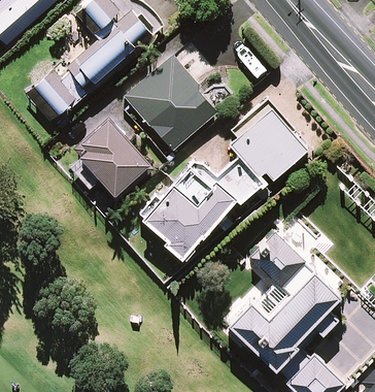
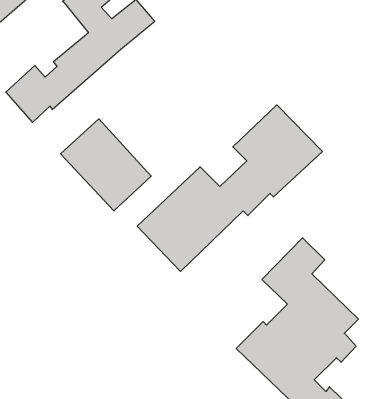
building: [125,56,218,150] -> none

